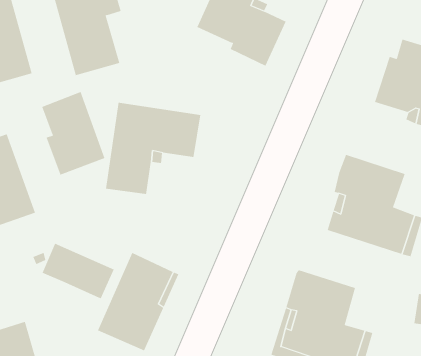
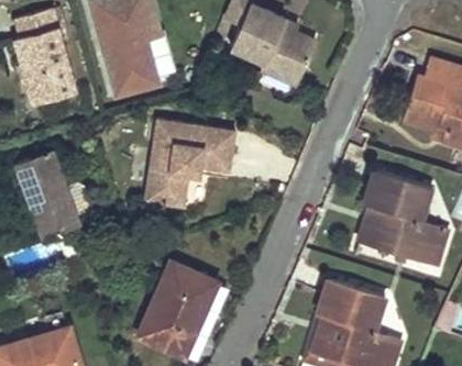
building: [41,91,105,175] -> none
building: [42,243,114,299] -> none

